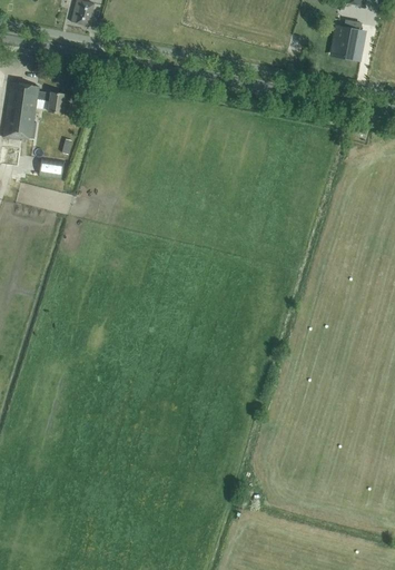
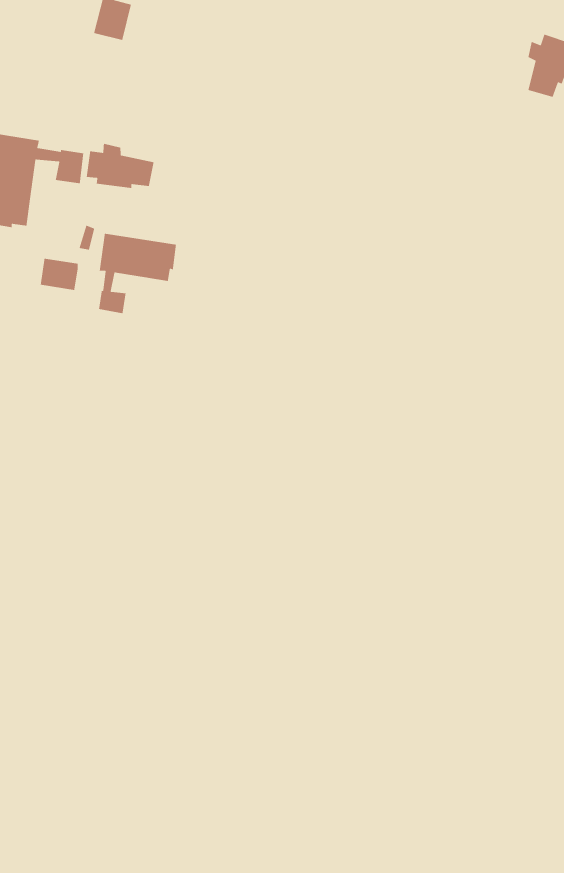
building: none -> [86,143,154,189]
building: none -> [98,233,177,314]

